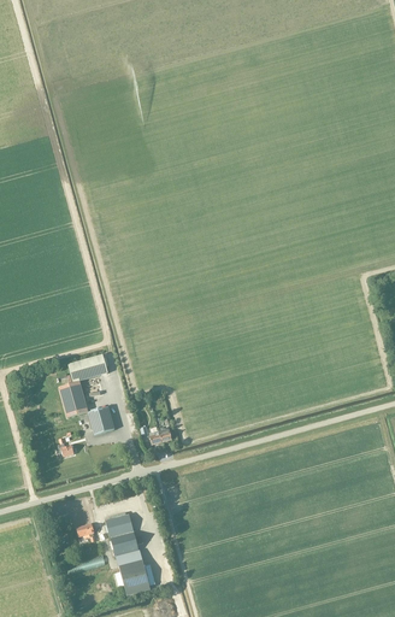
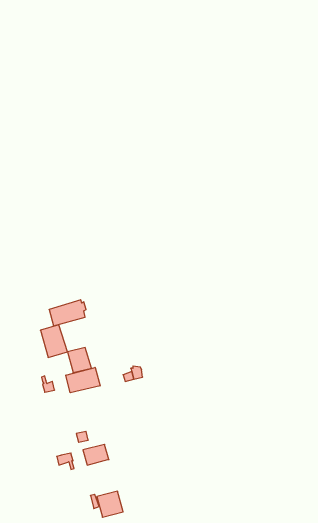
building: none -> [66,367,100,393]
building: [110,530,138,557] -> none

